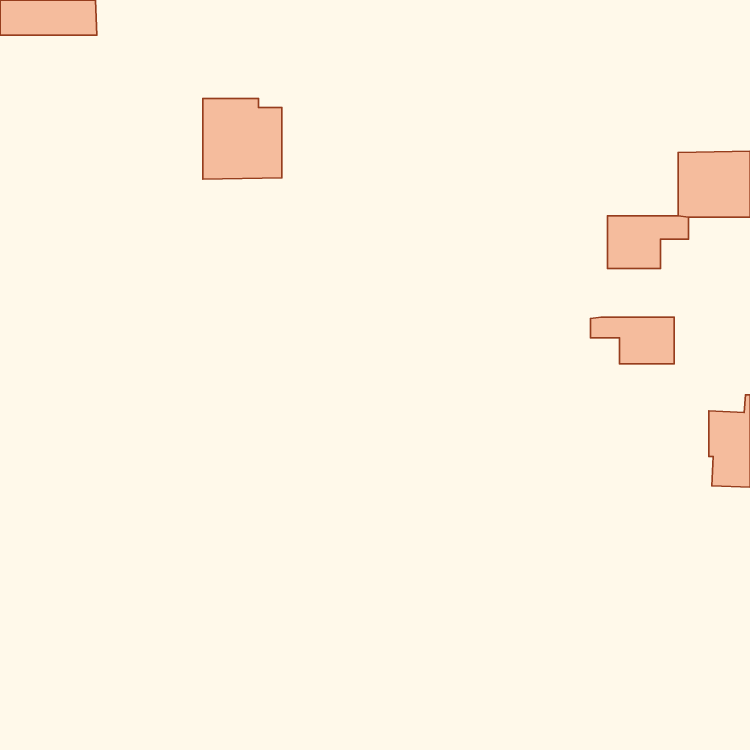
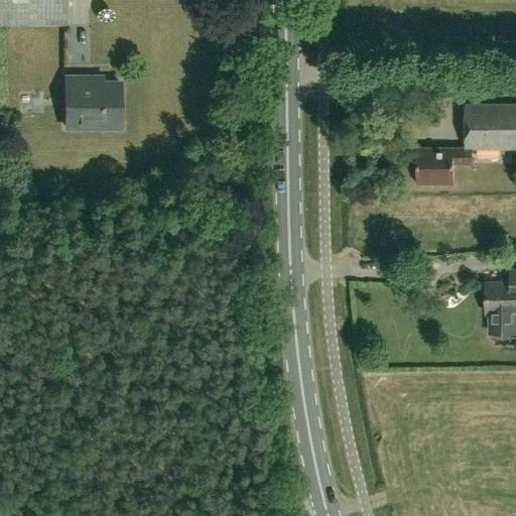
building: [203,99,282,179] -> [66,73,120,128]
building: [590,317,674,364] -> none

